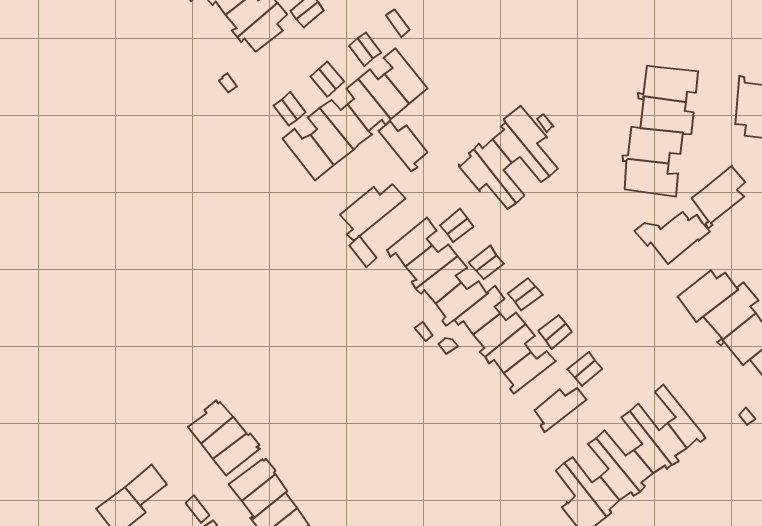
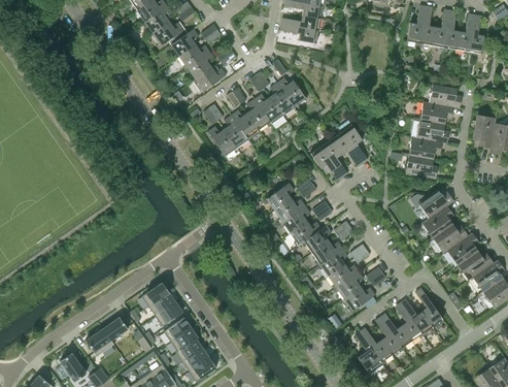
building: none -> [193,68,226,93]
building: none -> [428,84,461,108]
building: [378,121,427,171] -> [276,77,304,107]
building: [692,165,745,229] -> [421,205,453,241]
building: [340,184,406,240] -> none
building: none -> [333,271,364,299]

